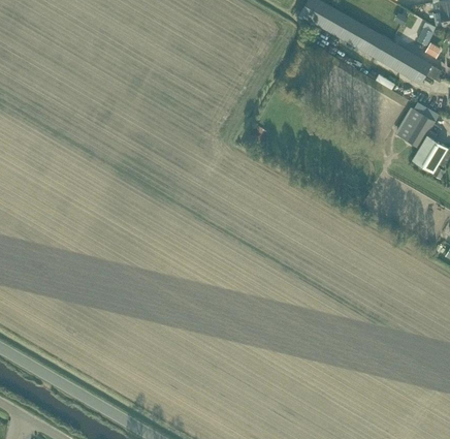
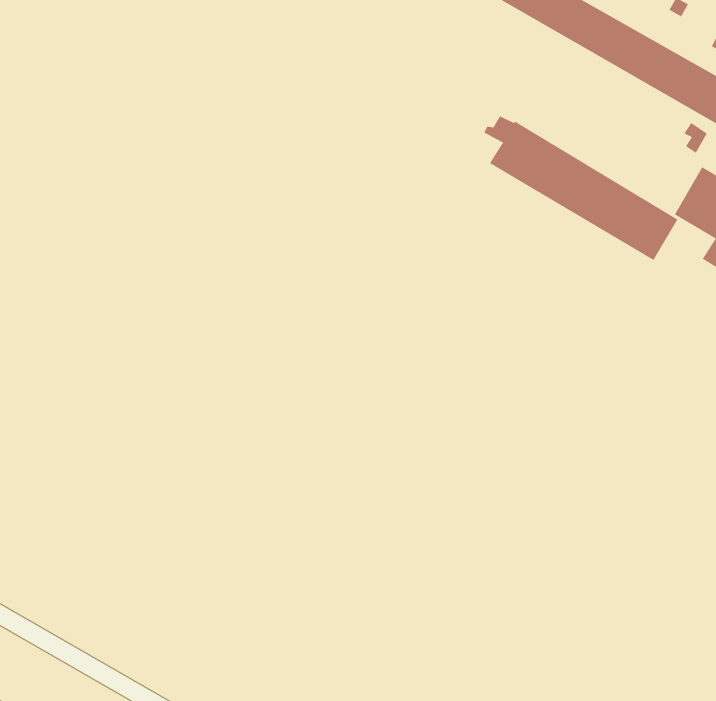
building: none -> [483,116,678,261]

